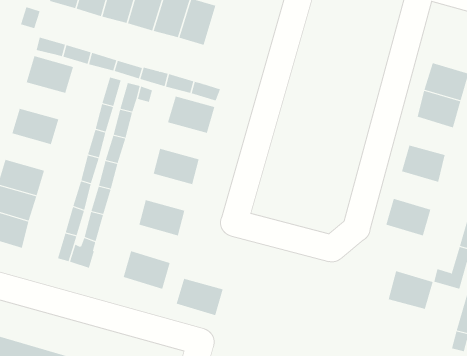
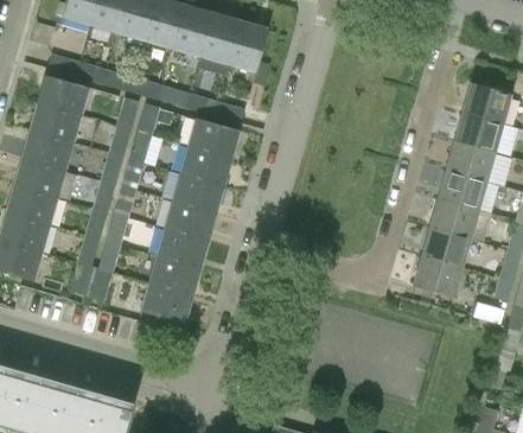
building: none -> [228,21,268,72]
building: none -> [31,103,81,142]
building: none -> [446,140,493,180]
building: none -> [180,146,231,185]
building: none -> [15,158,65,197]
building: none -> [429,198,478,238]
building: none -> [165,200,216,240]
building: [388,271,433,310] -> [413,255,461,297]
building: [176,278,224,316] -> [149,255,200,295]

